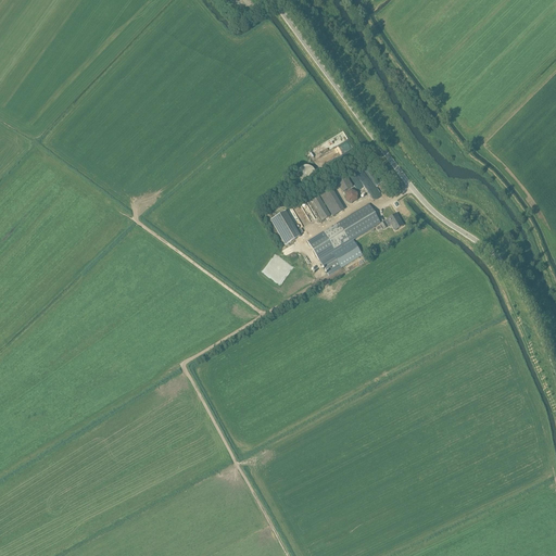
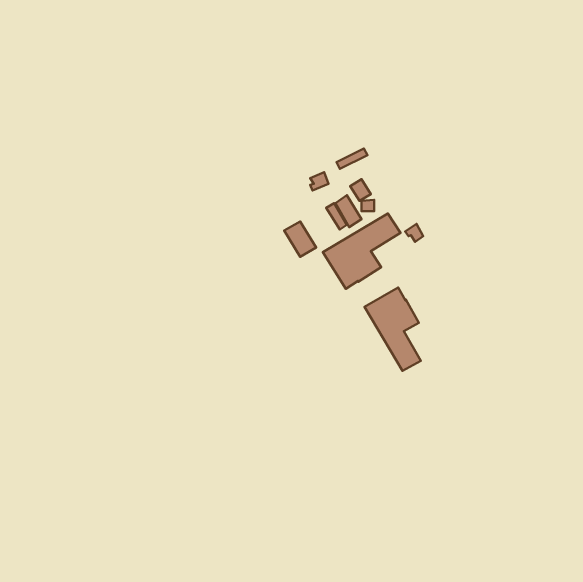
building: none -> [364,288,421,371]

